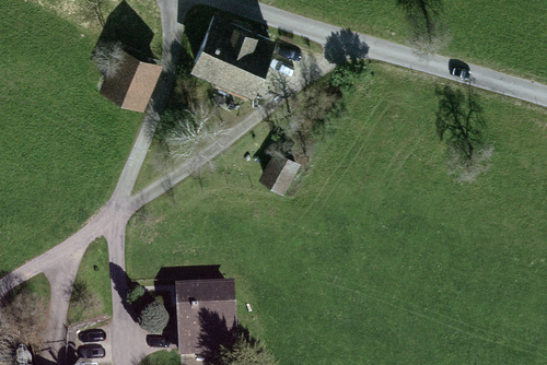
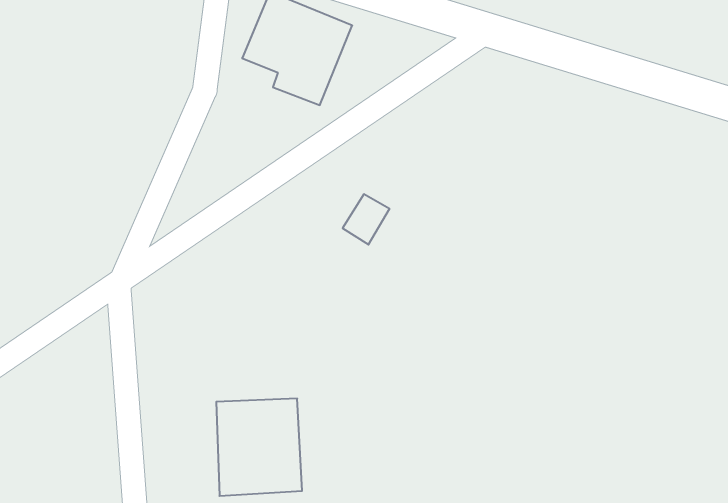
building: [105,46,154,95] -> none

